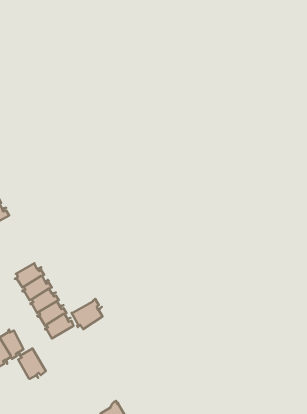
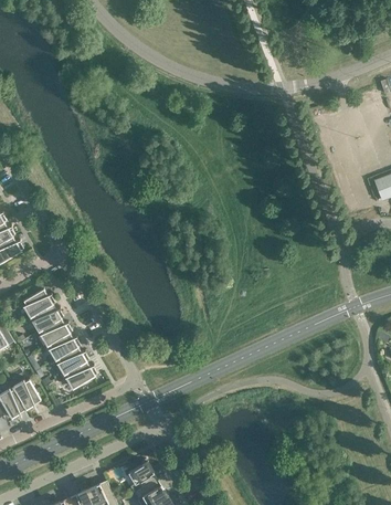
building: none -> [21,288,53,316]
building: [72,299,102,329] -> none
building: [18,348,46,379] -> none

